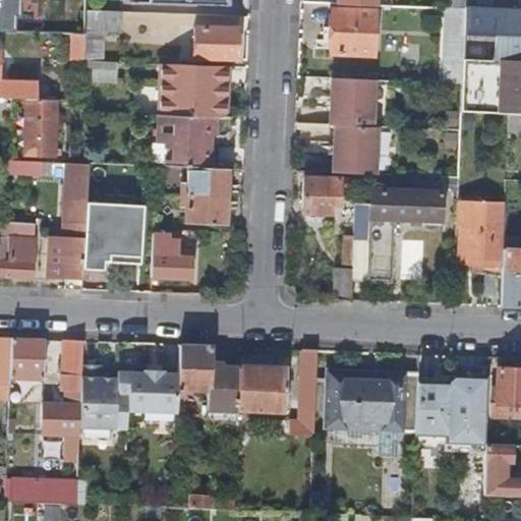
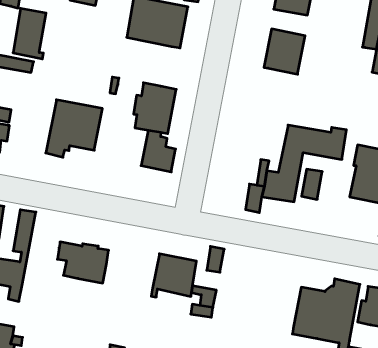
building: [160,113,216,166] -> none
building: [334,124,378,173] -> none
building: [48,160,89,289] -> none
building: [303,170,353,213] -> none
building: [153,232,191,278] -> [141,130,176,172]
building: [177,345,239,411] -> none
building: [79,365,128,431] -> none
building: [326,372,416,431] -> none

